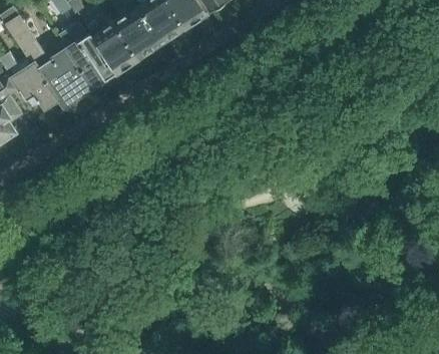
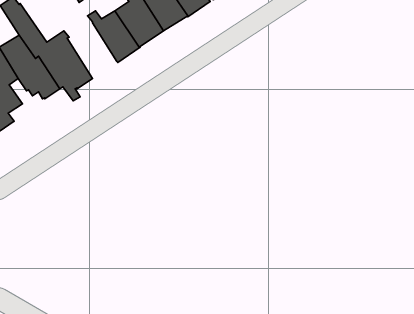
building: [62,23,117,90] -> none

